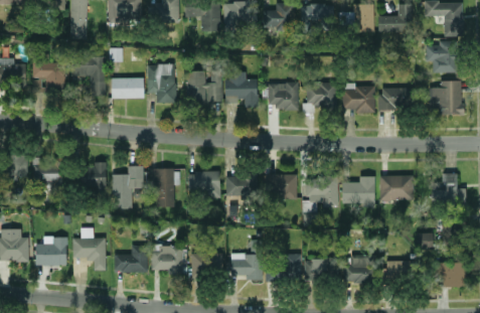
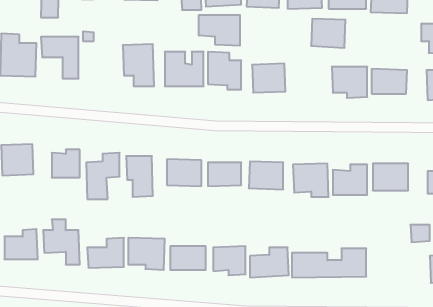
building: none -> [199,15,240,46]
building: [111,79,143,99] -> none
building: [305,83,337,110] -> [311,19,346,48]
building: [383,261,416,282] -> none

